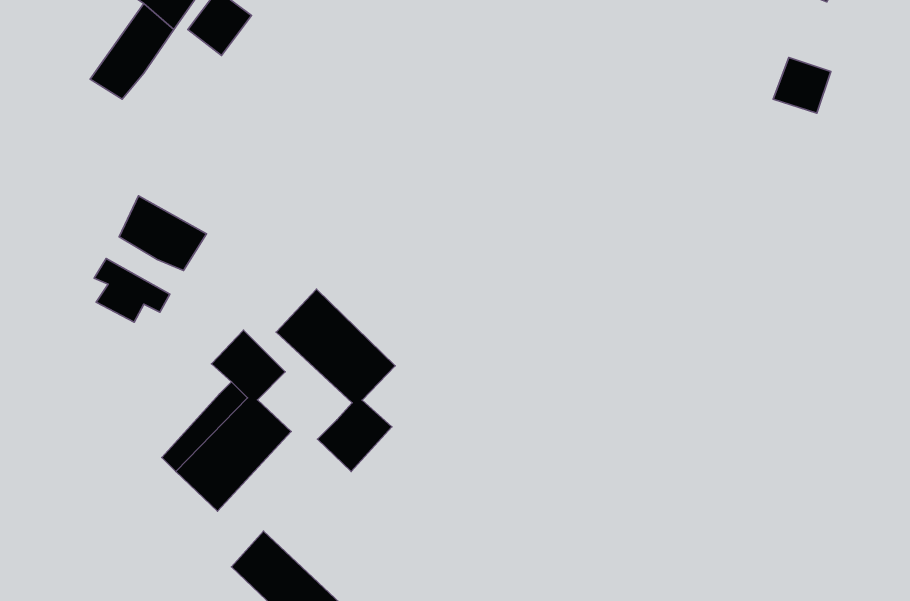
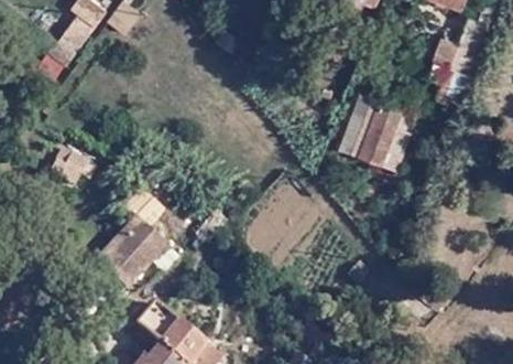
building: none -> [360,104,408,164]
building: [119,196,206,271] -> none
building: [276,289,395,472] -> none

